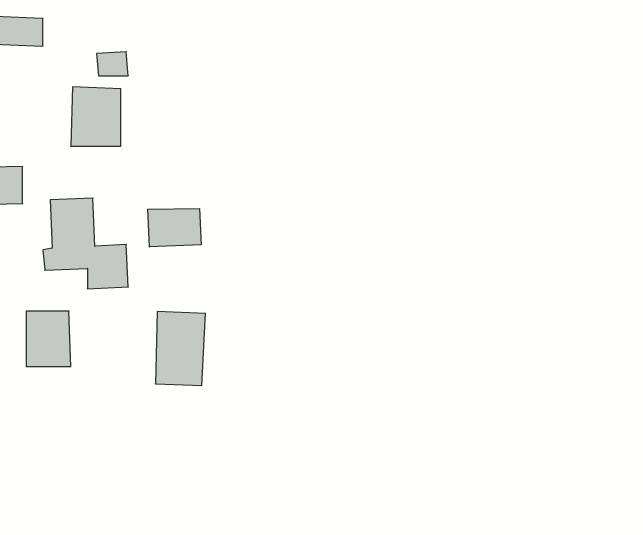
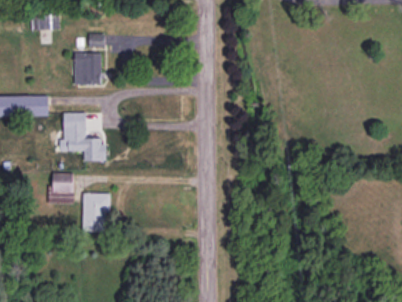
building: [148,209,201,247] -> none
building: [155,312,205,386] -> [82,192,109,232]

